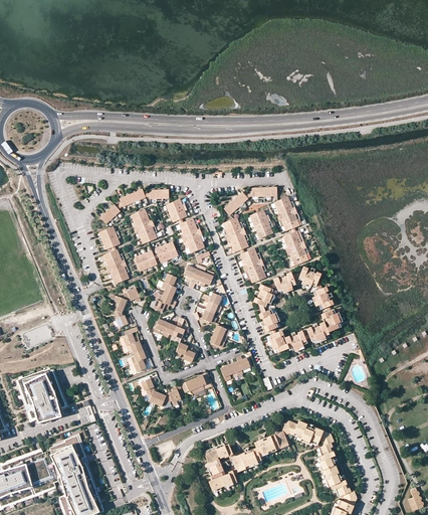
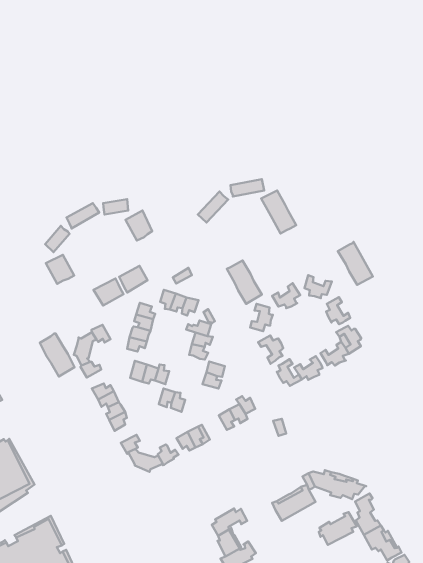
building: [130,210,155,245] -> none
building: [247,210,270,238] -> none
building: [221,217,246,252] -> none
building: [177,219,202,253] -> none
building: [281,230,306,265] -> [338,242,373,285]
building: [102,250,128,285] -> [40,333,74,376]
building: [231,448,261,472] -> [319,512,356,545]

